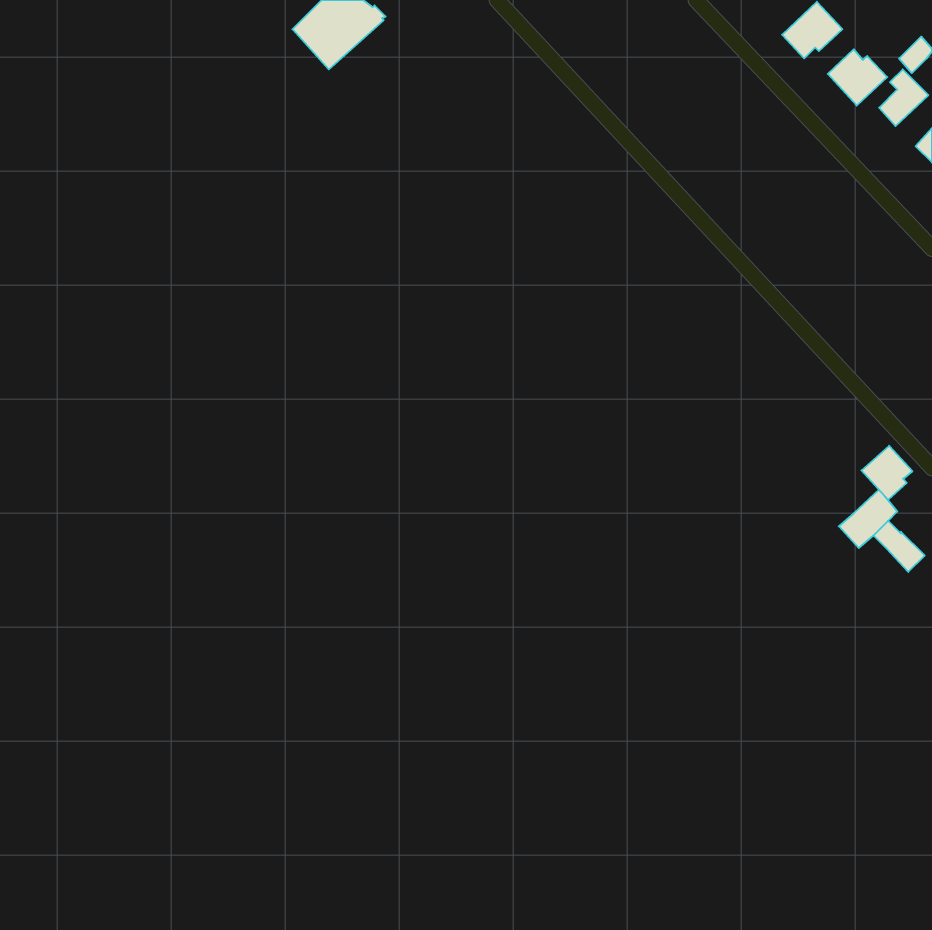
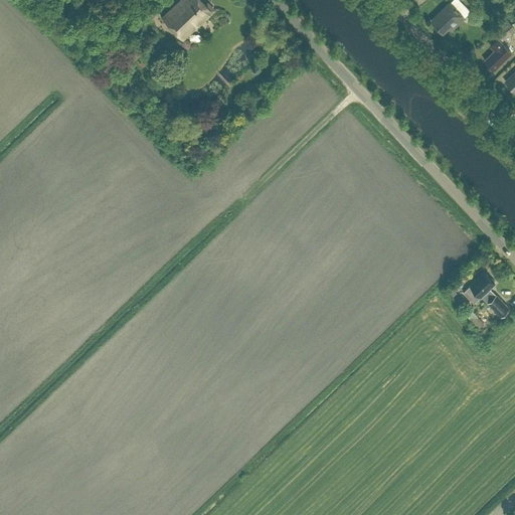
building: [828,49,887,106] -> none
building: [861,446,912,500] -> none

